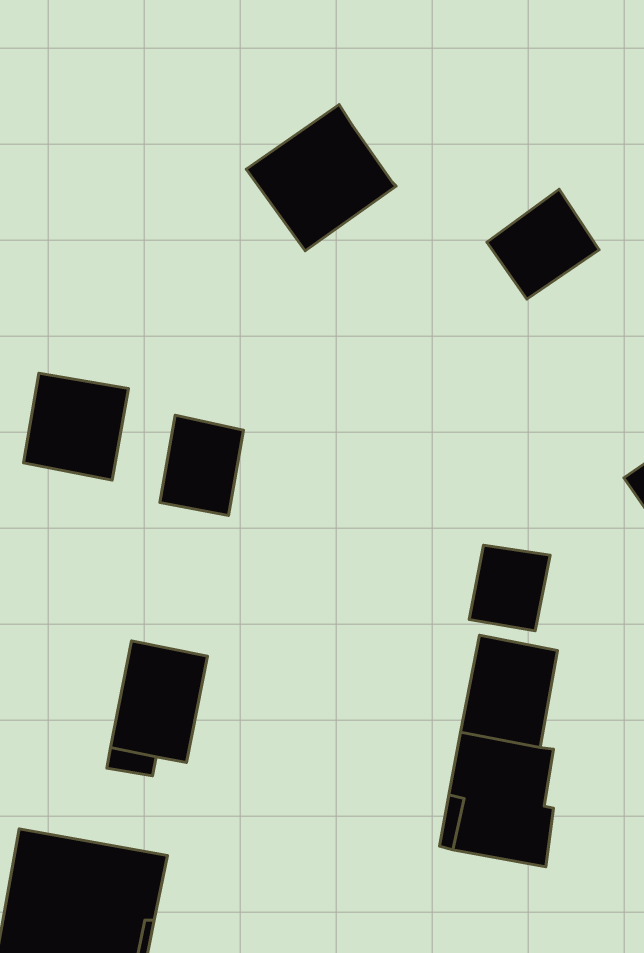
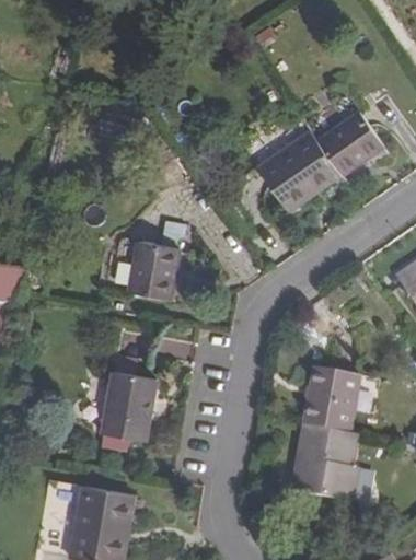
building: [246,105,396,251] -> [255,129,342,213]
building: [23,373,128,480] -> none
building: [469,545,550,631] -> none

